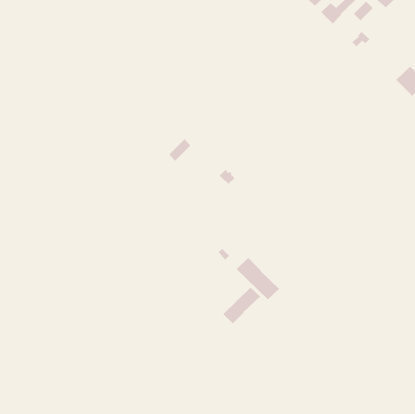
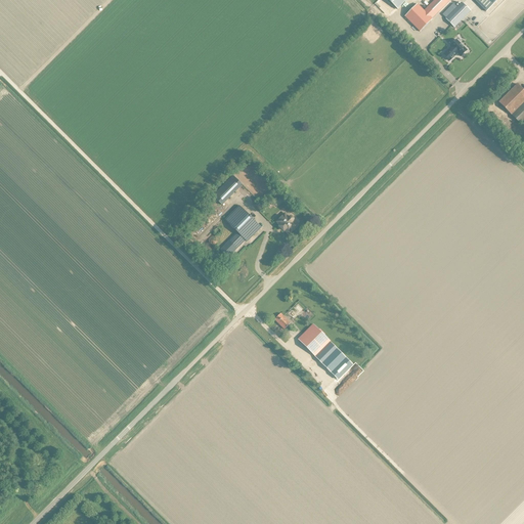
building: none -> [220,205,261,256]
building: [223,287,261,324] -> none

